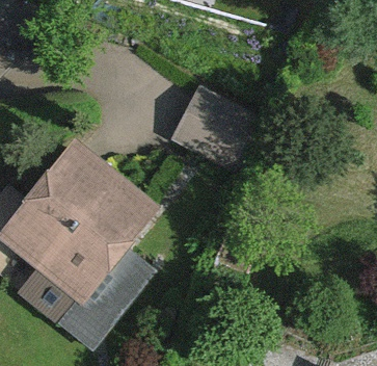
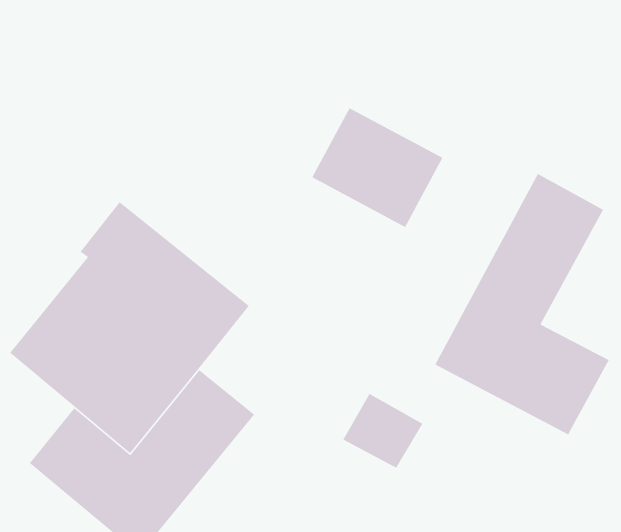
building: none -> [434,173,610,435]

